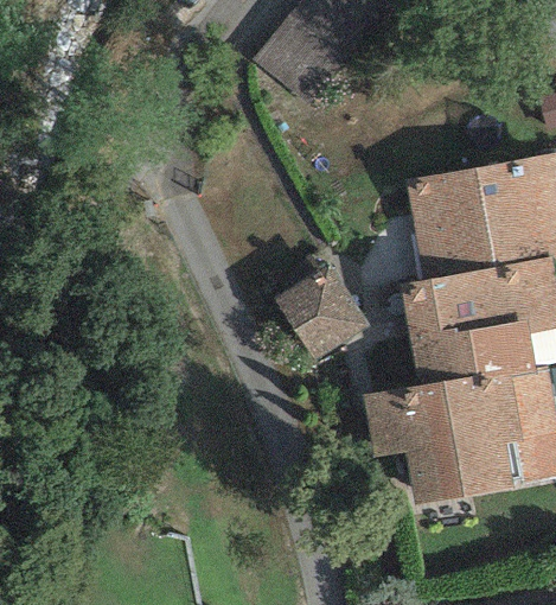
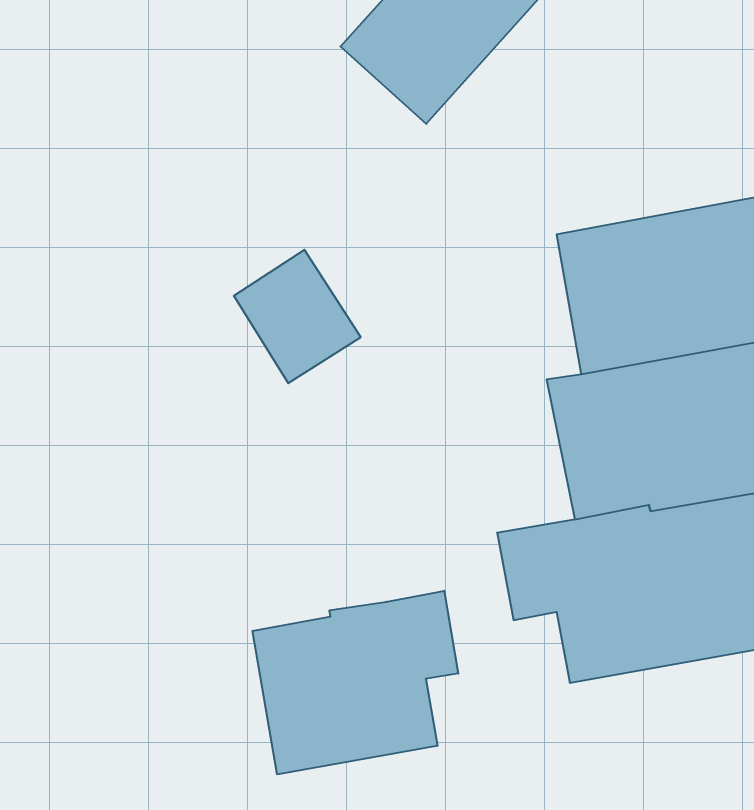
building: [275,263,366,359] -> [234,250,361,383]
building: none -> [252,591,458,774]

